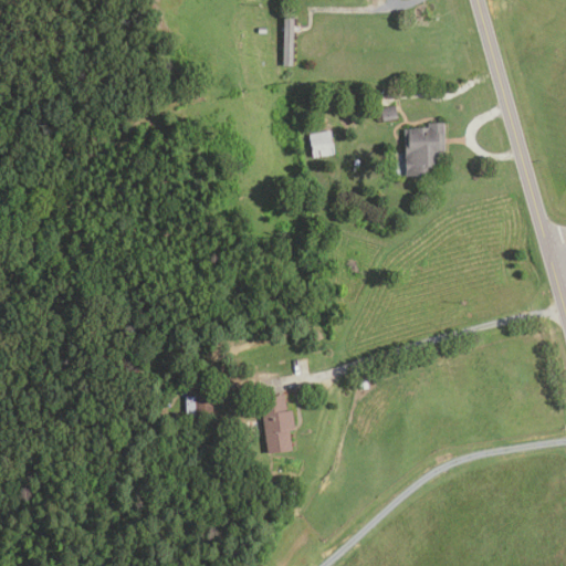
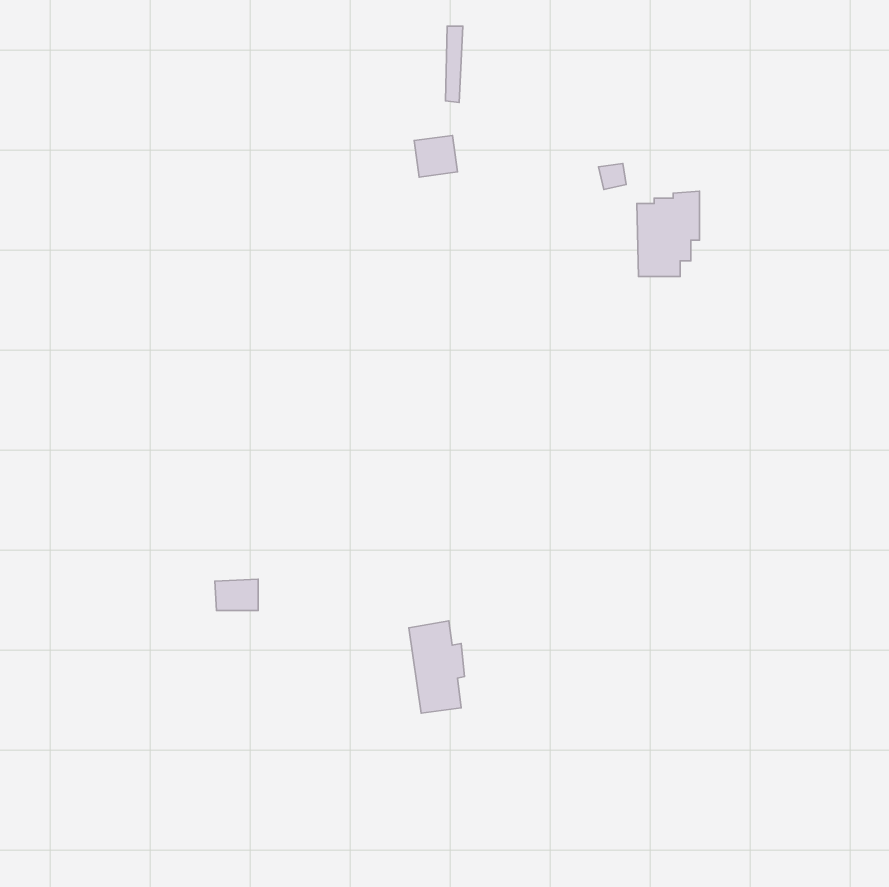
building: [307,130,335,157] -> [414,135,458,177]
building: [185,396,212,416] -> [215,579,258,611]

